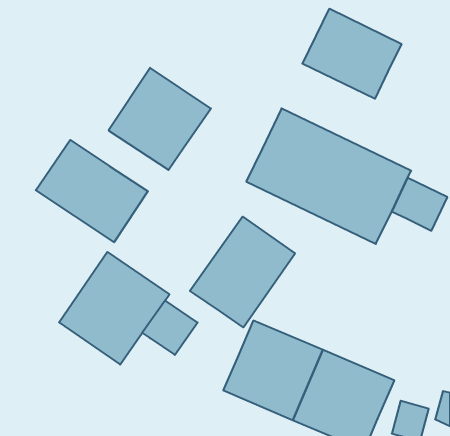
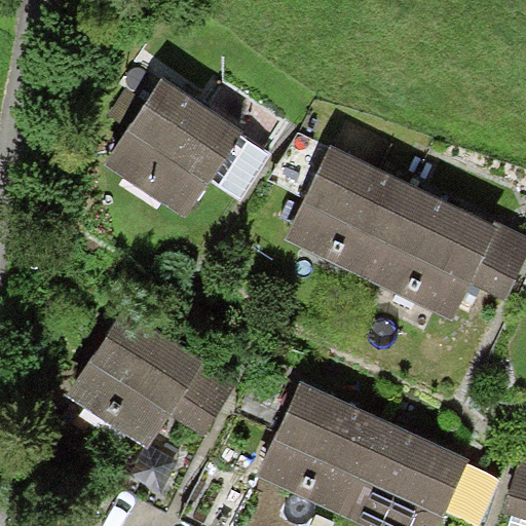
building: [302,9,401,99] -> none
building: [36,140,148,242] -> none
building: [190,217,295,327] -> none

